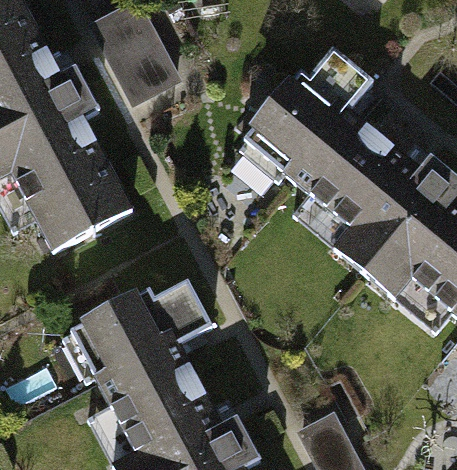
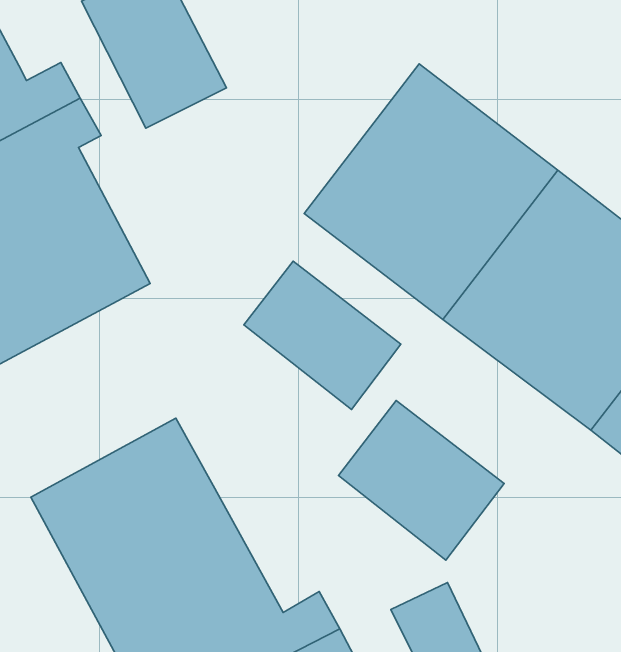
building: none -> [244,261,401,409]
building: none -> [338,400,504,560]

